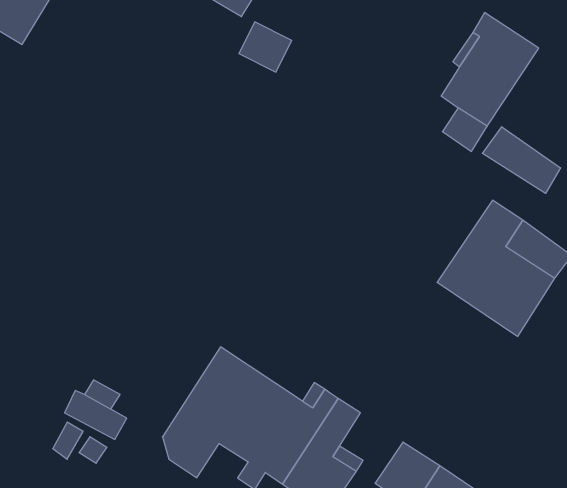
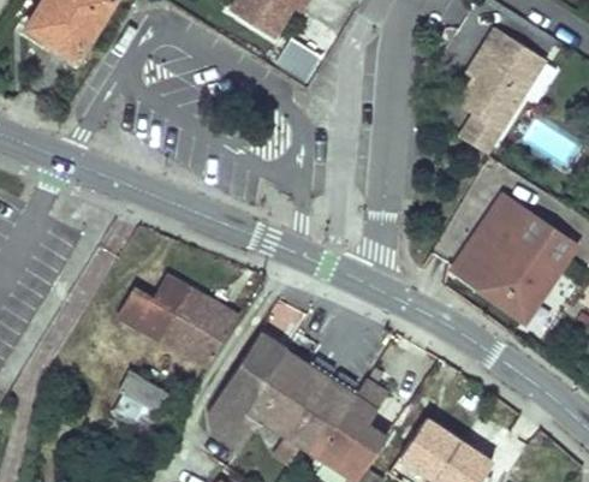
building: [482,127,561,193] -> none
building: none -> [118,266,239,368]

